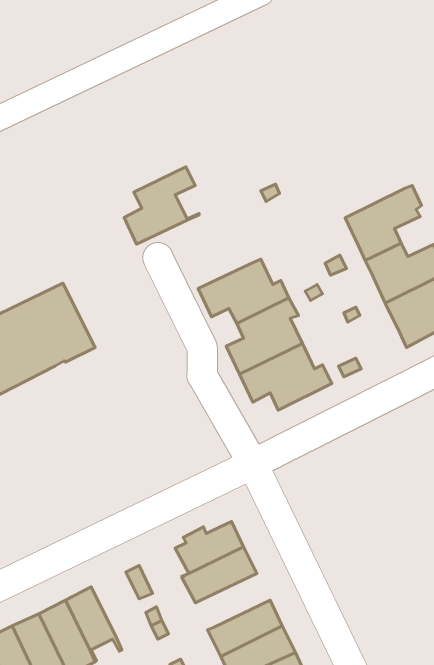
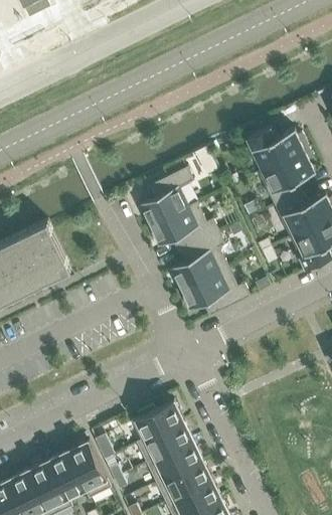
building: none -> [244,129,311,174]
building: [124,167,199,244] -> [141,169,197,227]
building: none -> [148,442,204,484]
building: none -> [69,443,113,499]

